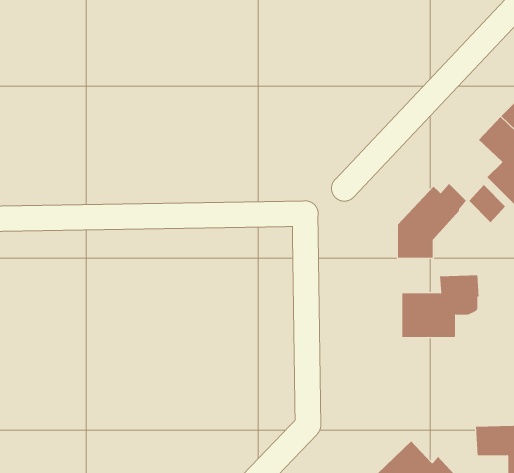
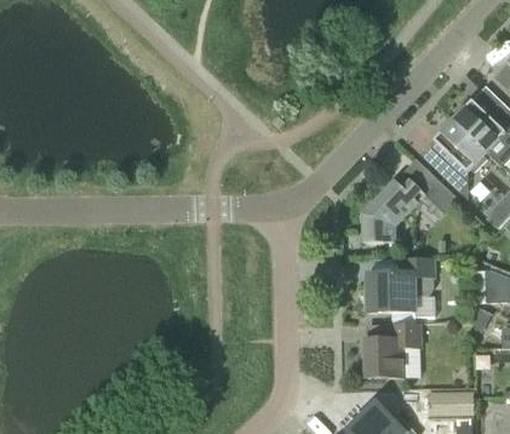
building: none -> [365,322,419,377]

